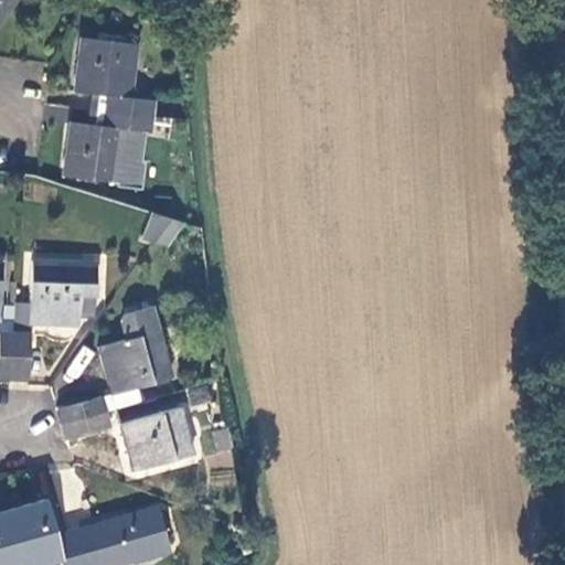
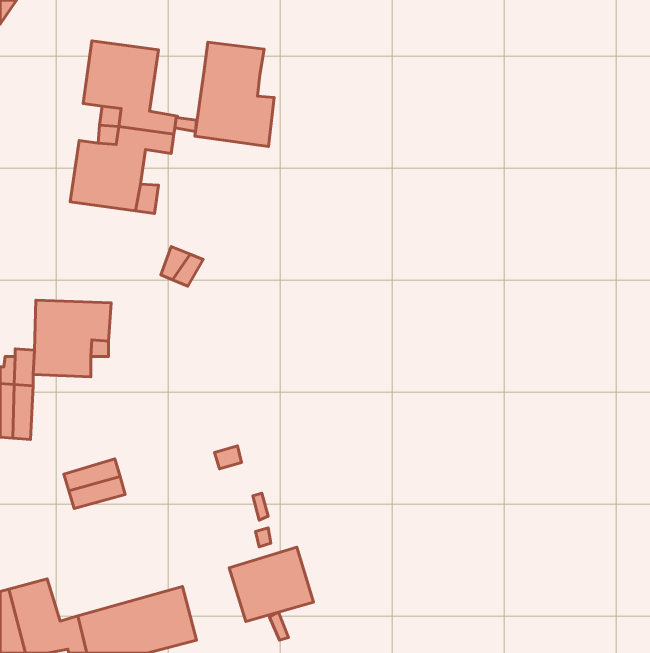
building: none -> [195,42,274,146]
building: [98,305,173,411] -> none
building: [121,407,194,471] -> [229,547,313,621]

